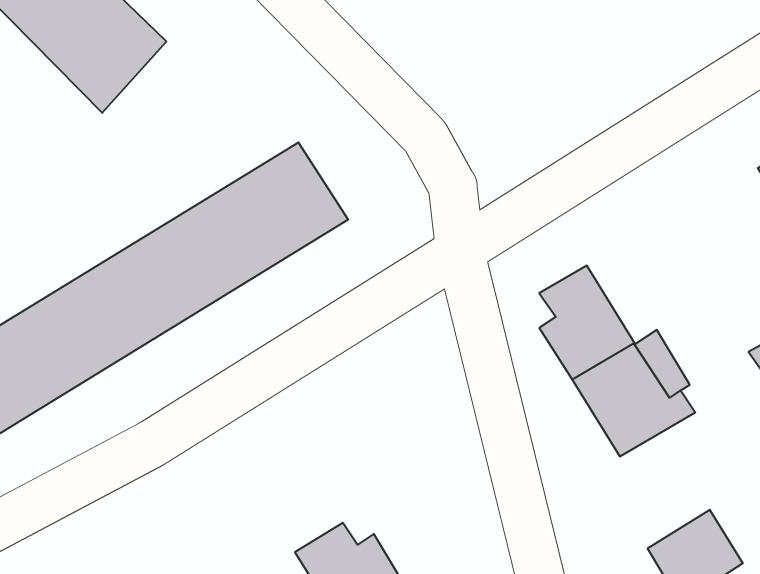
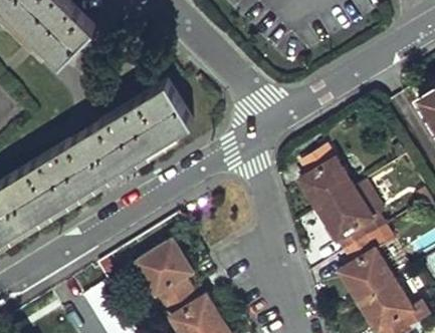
building: none -> [331,230,392,304]
building: none -> [139,242,192,306]

